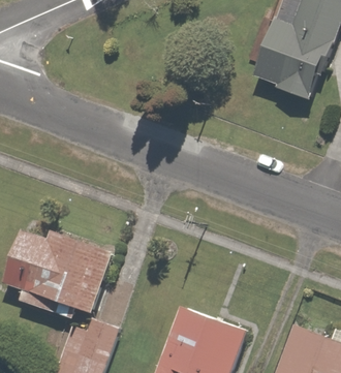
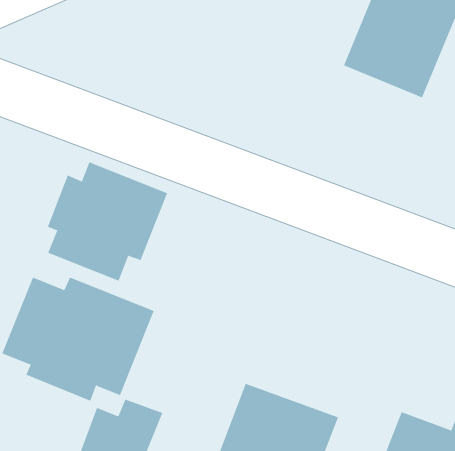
building: none -> [47,161,168,281]

